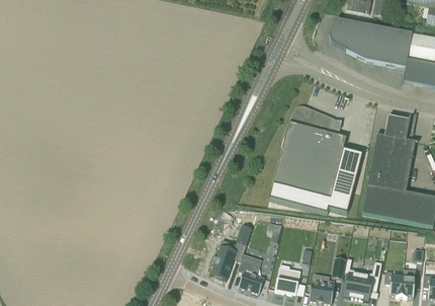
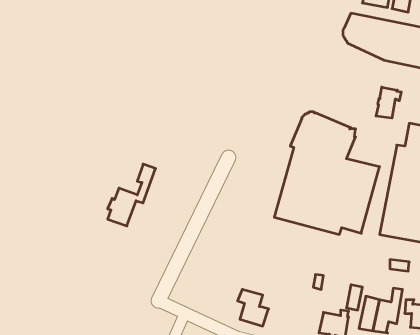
building: none -> [376,87,401,118]
building: [210,224,253,279] -> [108,164,156,226]
building: [275,267,301,294] -> none

